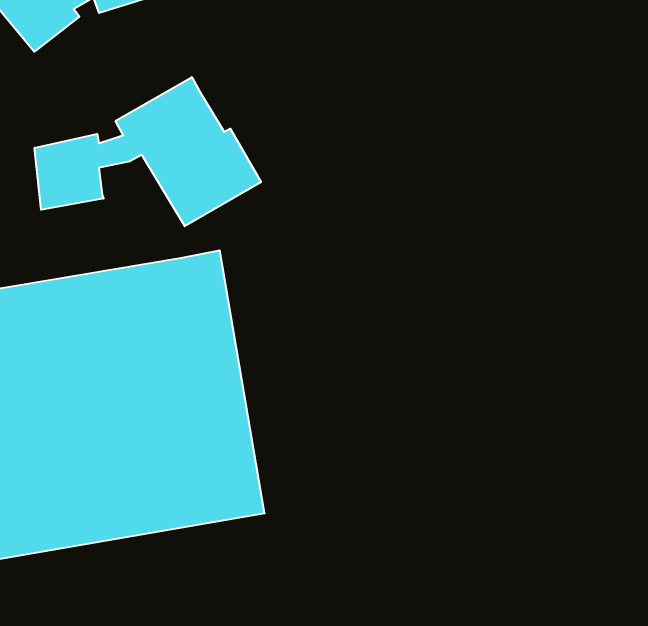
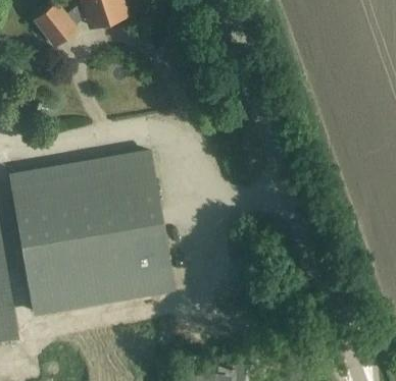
building: [35,77,261,226] -> none

